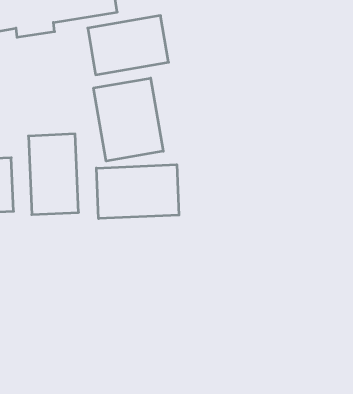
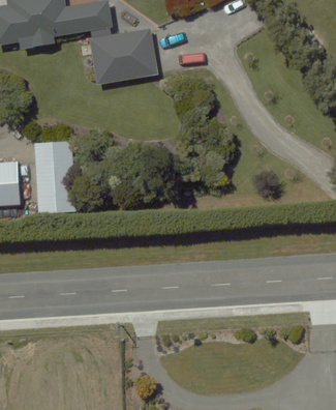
building: [94,78,163,161] -> none
building: [96,165,179,219] -> none

